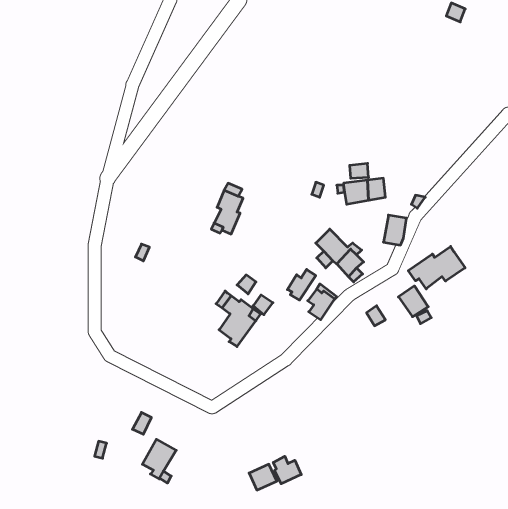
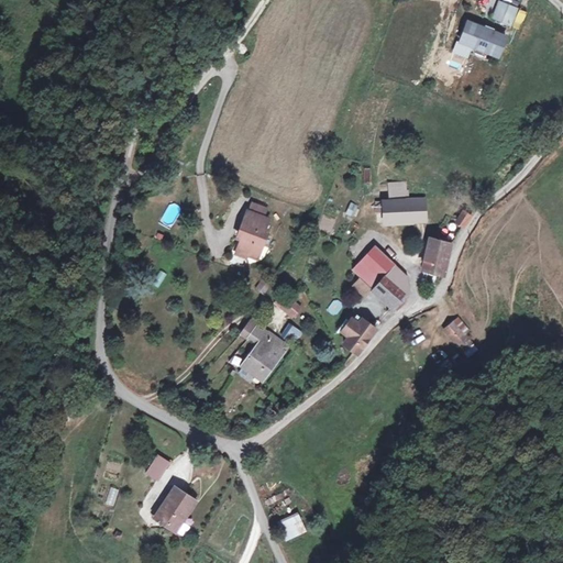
building: none -> [461,23,504,55]
building: [408,246,465,289] -> none
building: [287,269,316,300] -> none
building: [273,456,301,484] -> none

